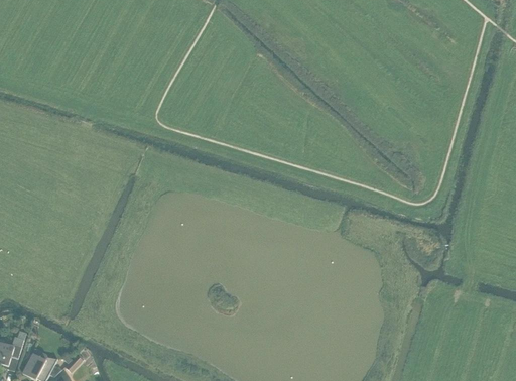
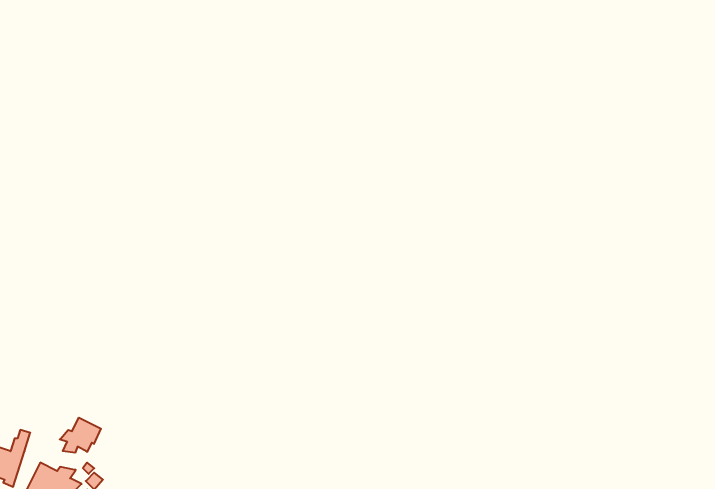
building: none -> [60,418,101,453]

